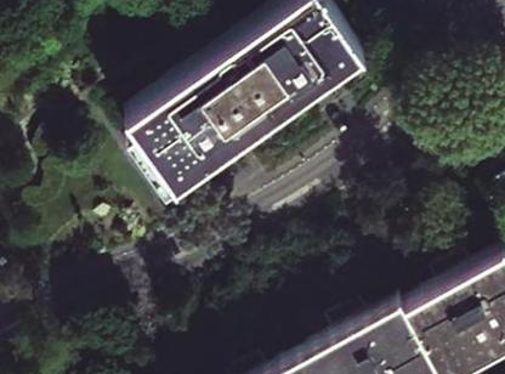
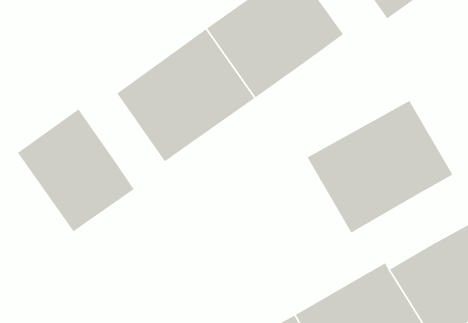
building: none -> [307,100,453,233]
building: none -> [17,109,134,232]

